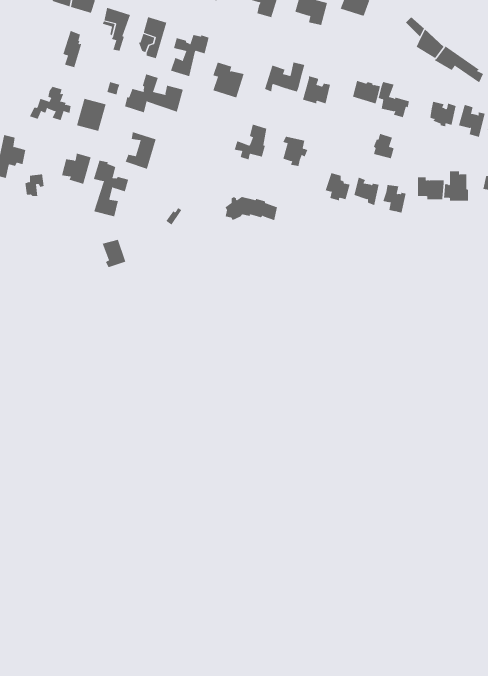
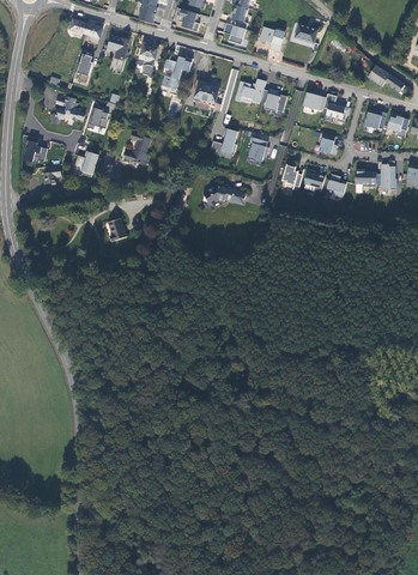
building: [124,74,184,113] -> none
building: [93,160,129,217] -> none

